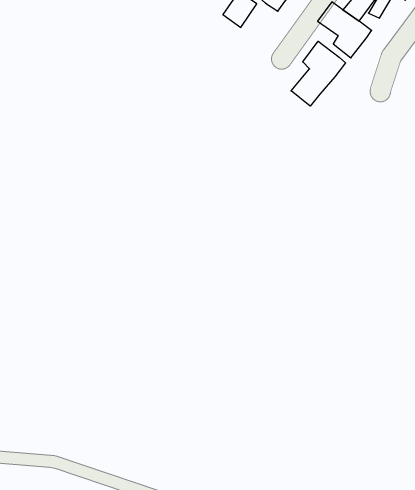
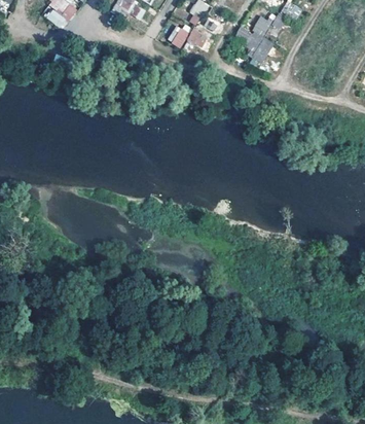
building: [291,41,346,106] -> none

